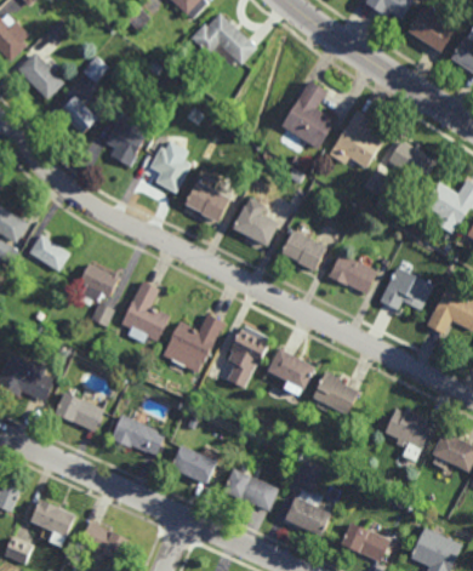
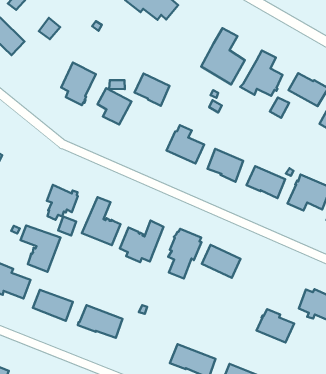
building: [58,93,101,135] -> none
building: [184,181,228,222] -> [135,73,170,106]
building: [28,234,69,272] -> none
building: none -> [20,225,61,272]
building: [312,372,359,415] -> [256,309,294,343]
building: [171,446,216,484] -> none

